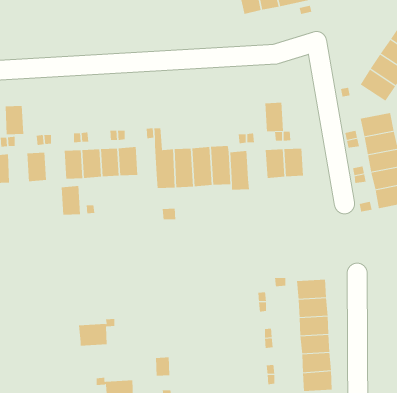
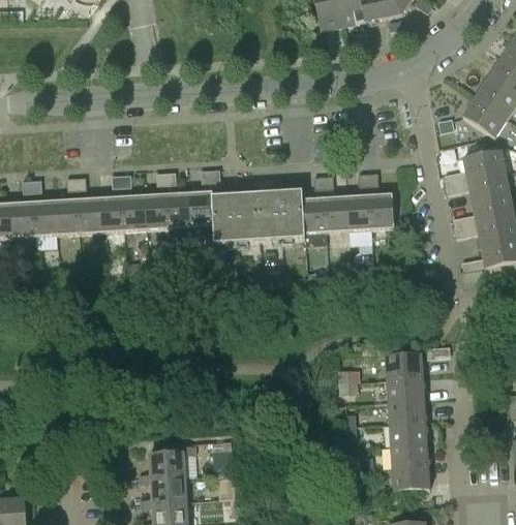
building: [265,102,284,132] -> [325,195,348,231]
building: [5,105,24,135] -> [33,199,57,236]
building: none -> [189,190,213,226]
building: [61,186,81,215] -> [78,196,102,233]
building: [78,318,115,346] -> [149,444,194,478]

